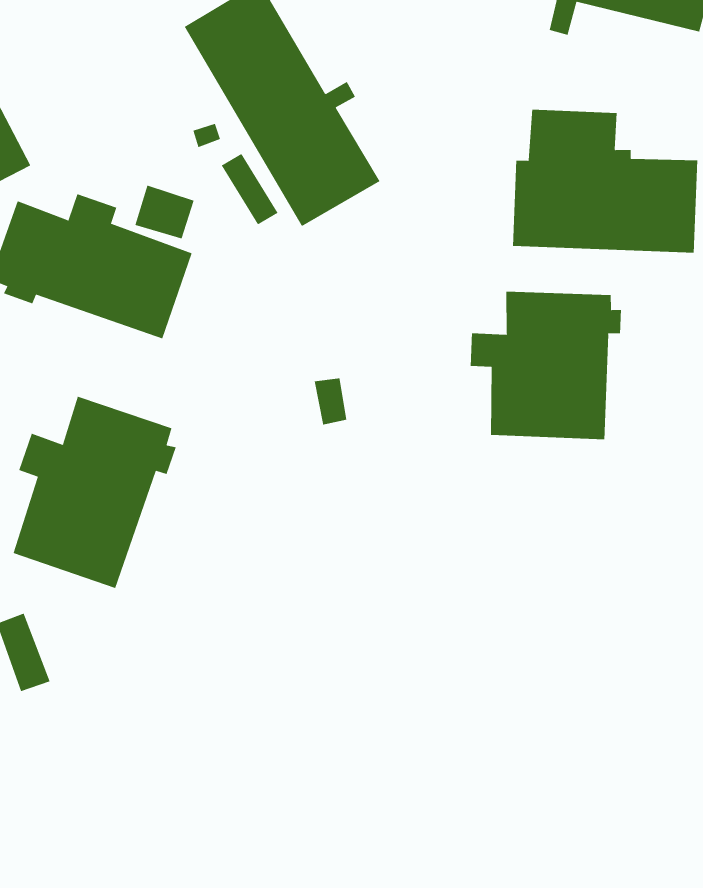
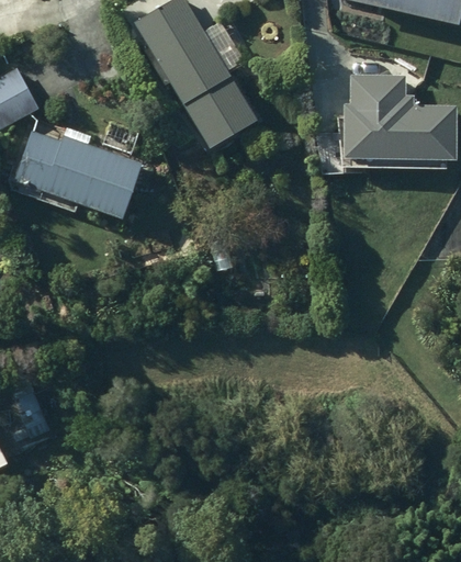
building: [470,291,621,440] -> none
building: [13,396,176,589] -> none

